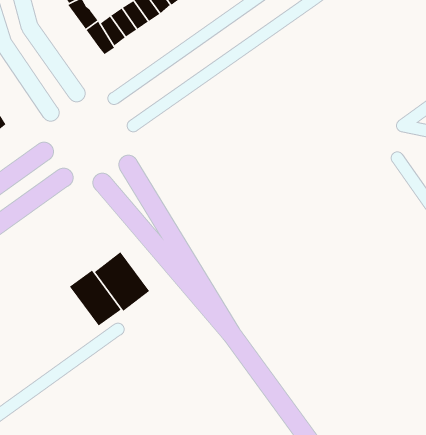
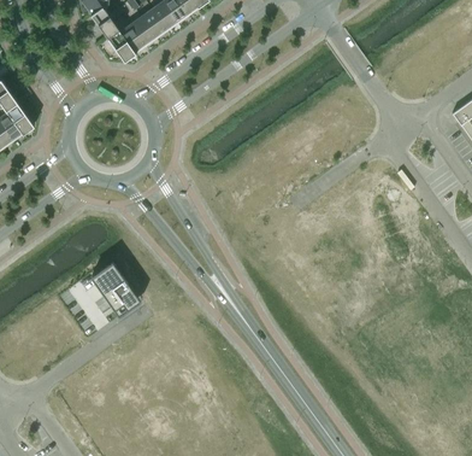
building: [94,251,150,312] -> none

